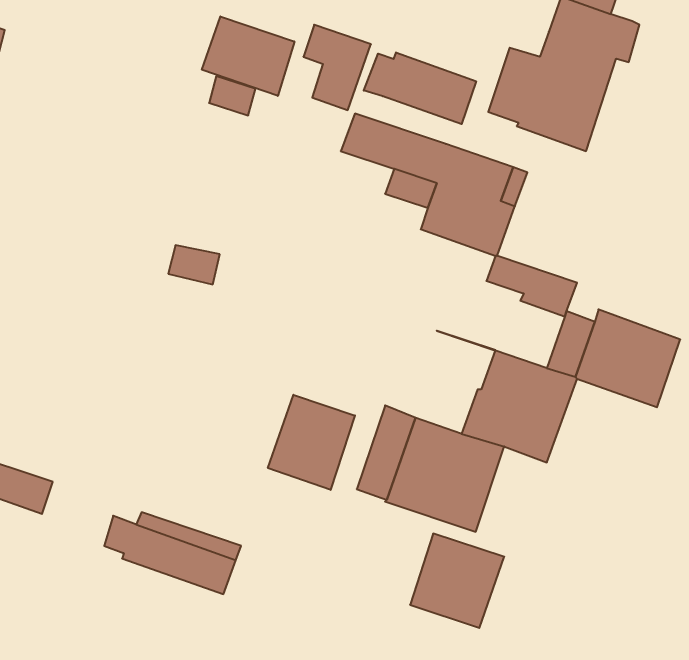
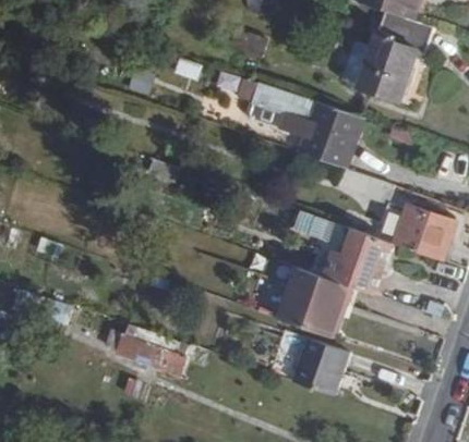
building: [202,16,294,96] -> none
building: [364,52,476,124] -> none
building: [268,395,355,490] -> none

